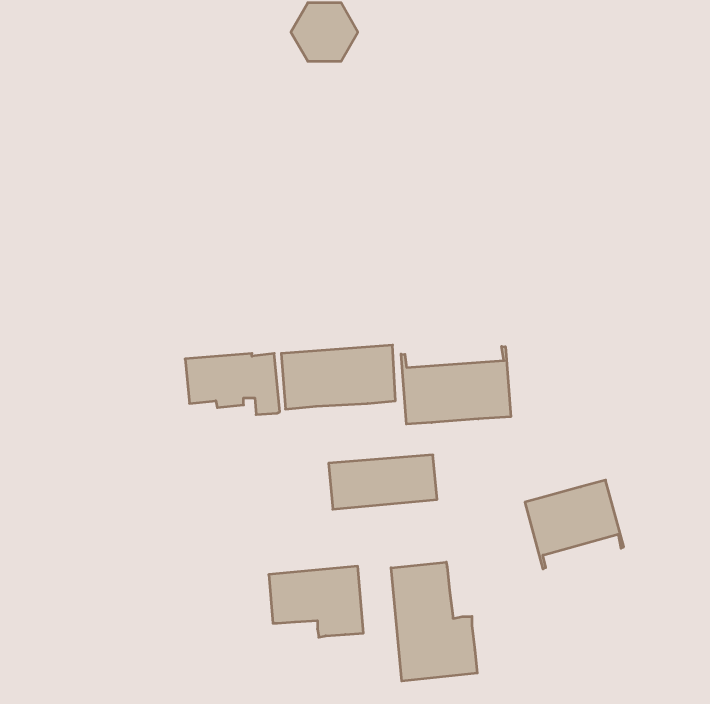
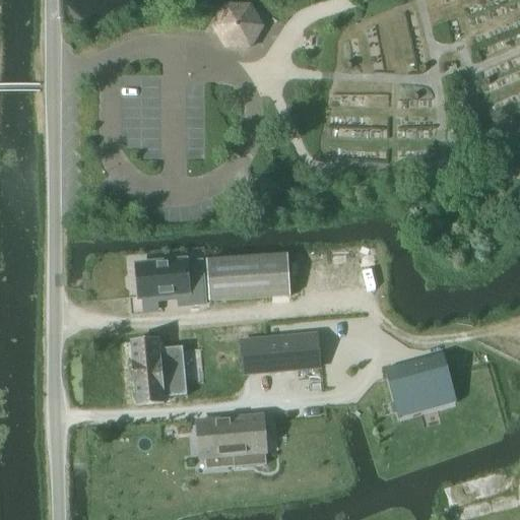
building: [401,346,511,424] -> none
building: none -> [132,336,187,402]
building: [391,562,477,681] -> none

